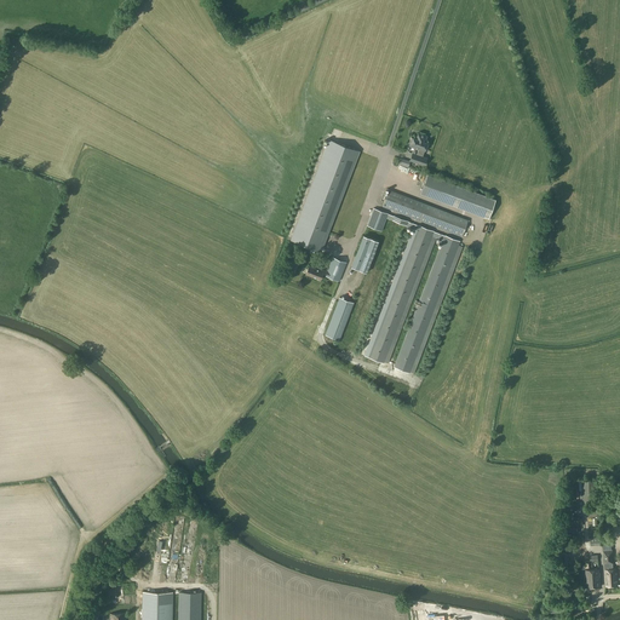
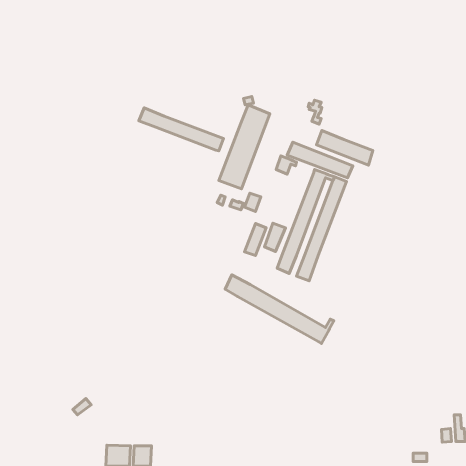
building: none -> [139,108,224,151]
building: [351,235,379,272] -> [265,223,285,252]
building: none -> [225,275,334,343]

